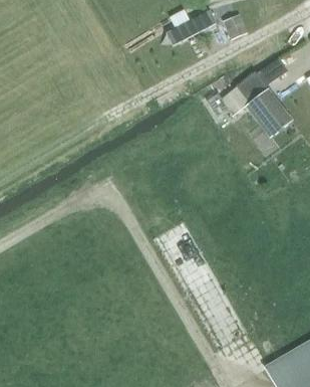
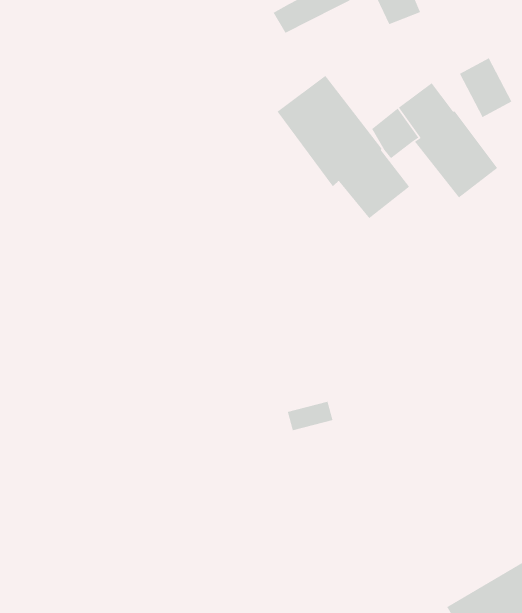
building: none -> [277,75,410,219]

